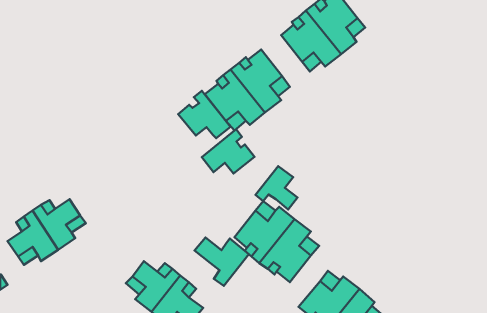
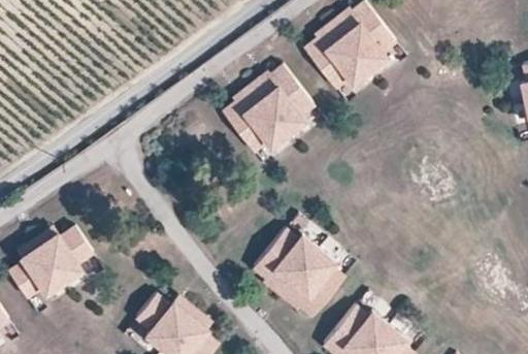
building: [178,91,230,138] -> none
building: [202,129,255,174] -> none
building: [255,166,298,210] -> none
building: [195,238,249,286] -> none

